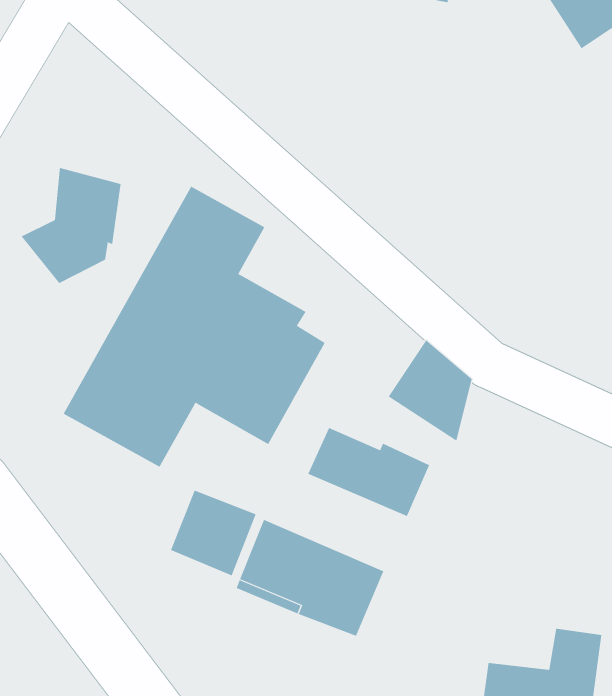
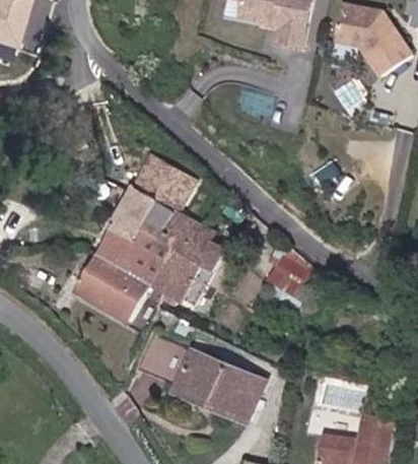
building: [21,167,121,284] -> none
building: [307,427,430,517] -> none

